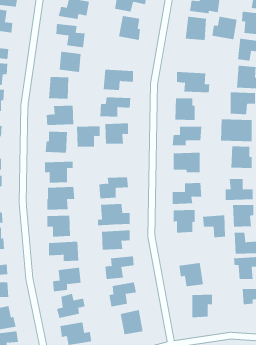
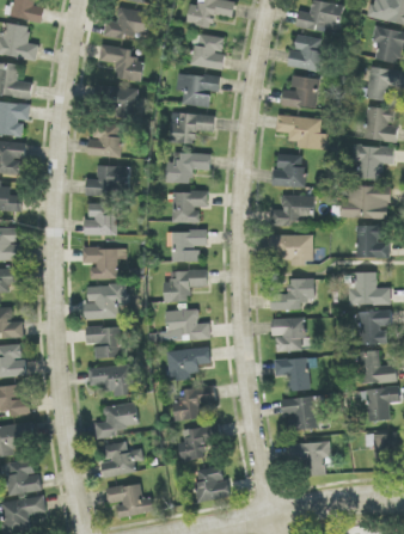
building: [211,16,238,40] -> [281,75,319,110]
building: none -> [176,74,220,106]
building: [76,126,101,147] -> [171,231,207,262]
building: [202,215,226,238] -> [274,357,308,391]

